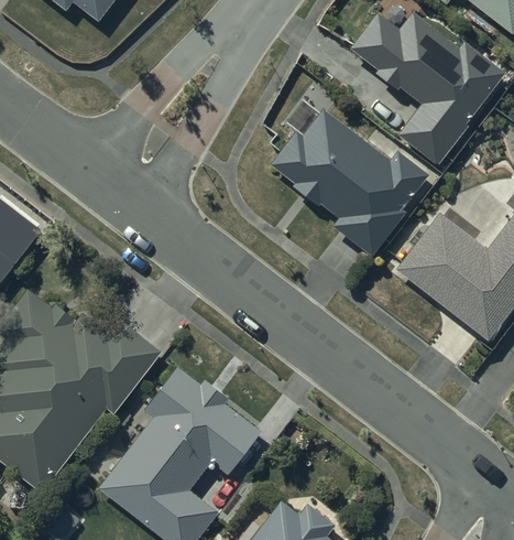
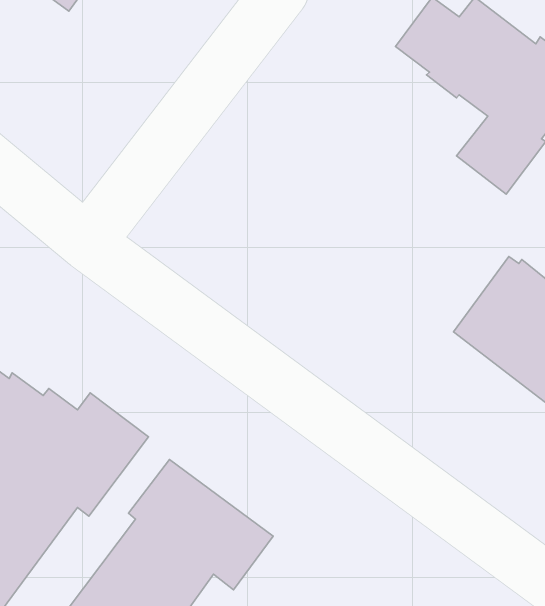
building: [272,111,428,253] -> none

